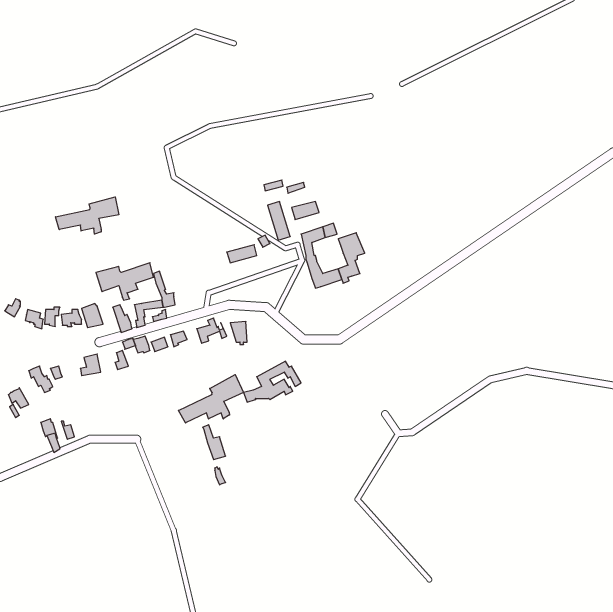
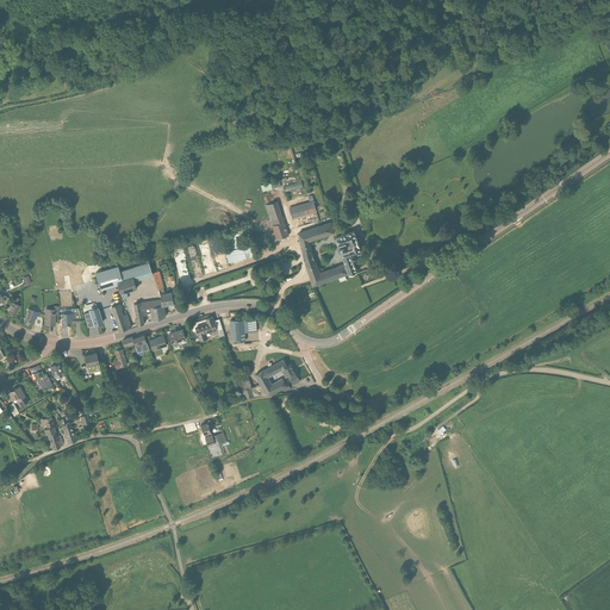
building: [56,197,119,234] -> none
building: [178,375,244,423] -> none

